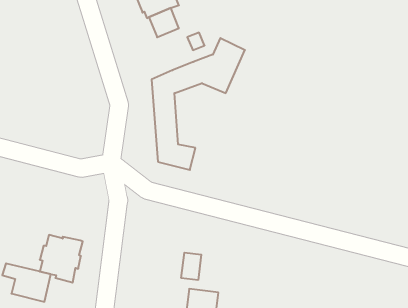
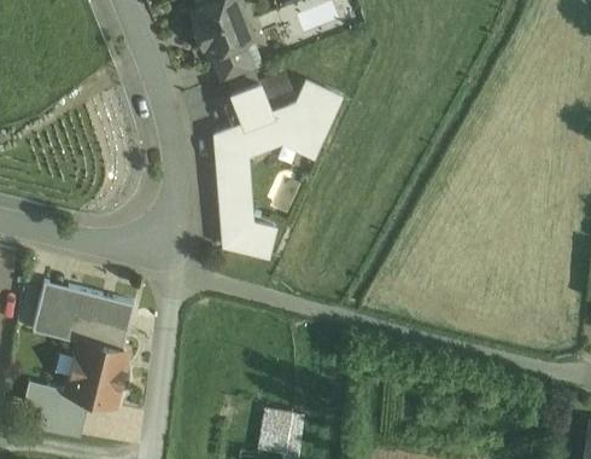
building: none -> [230,82,270,124]
building: none -> [30,280,133,349]
building: [181,253,201,280] -> none

